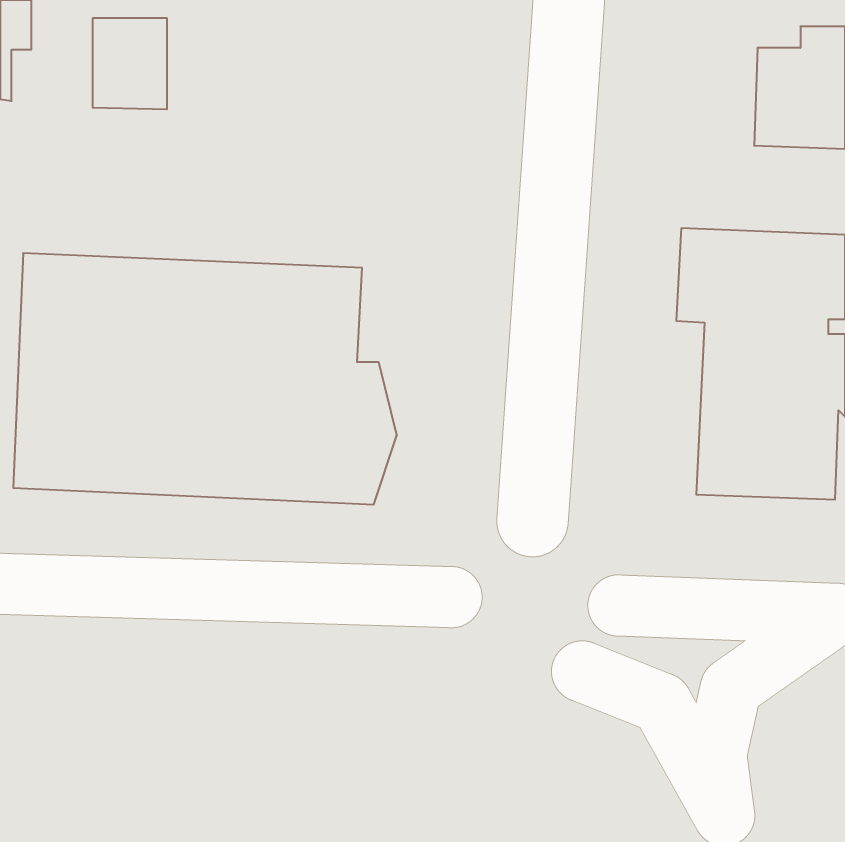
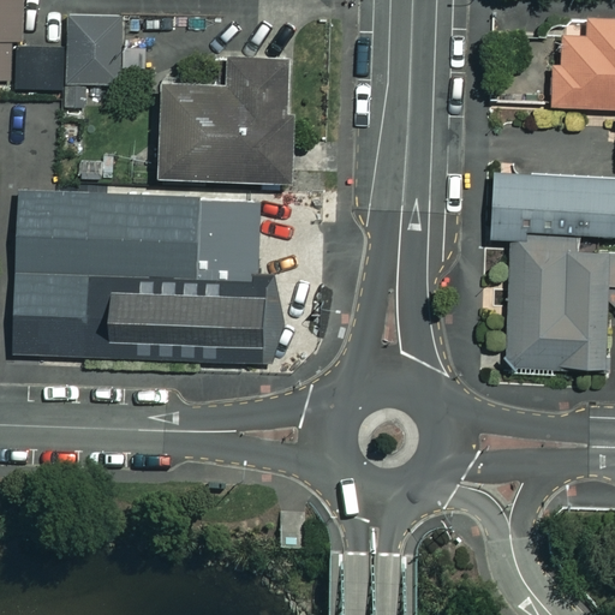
building: none -> [16,47,67,85]
building: none -> [156,59,288,184]

